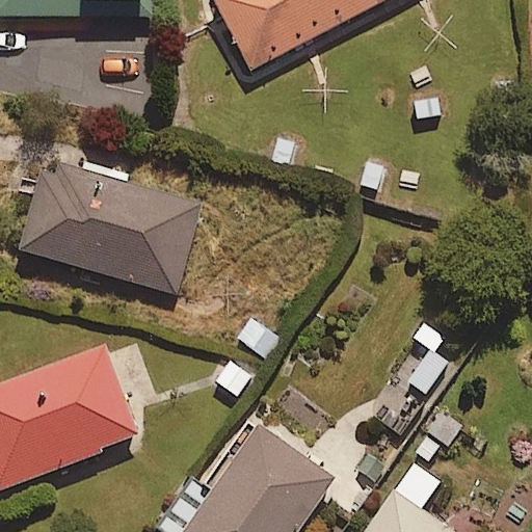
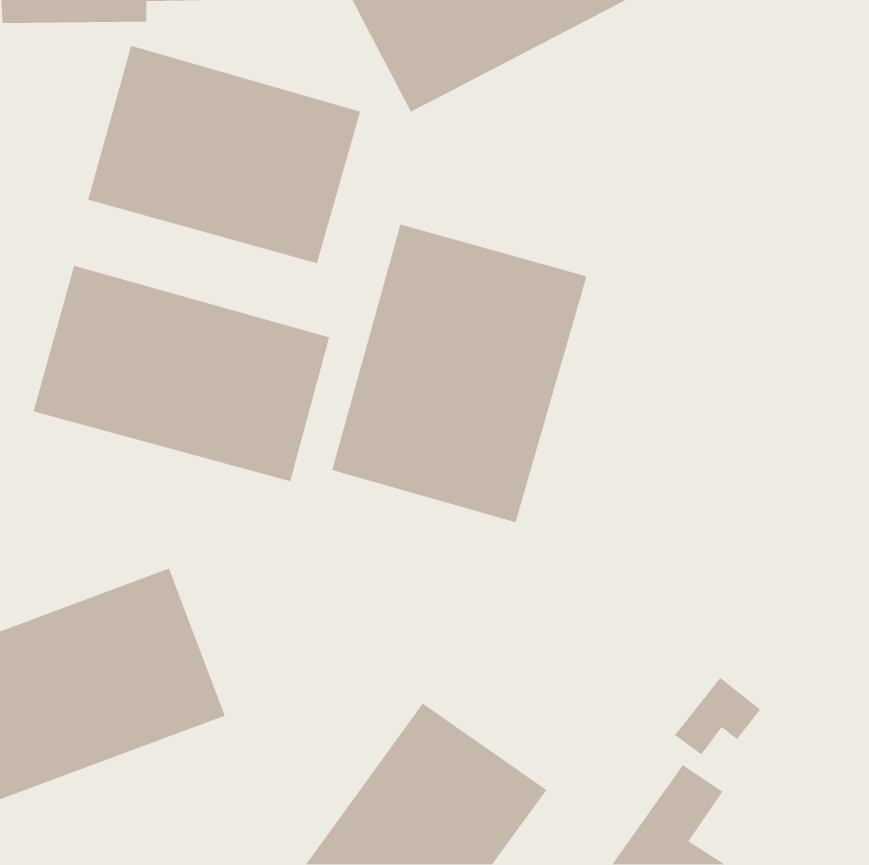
building: none -> [87,45,361,264]
building: none -> [331,223,588,523]

